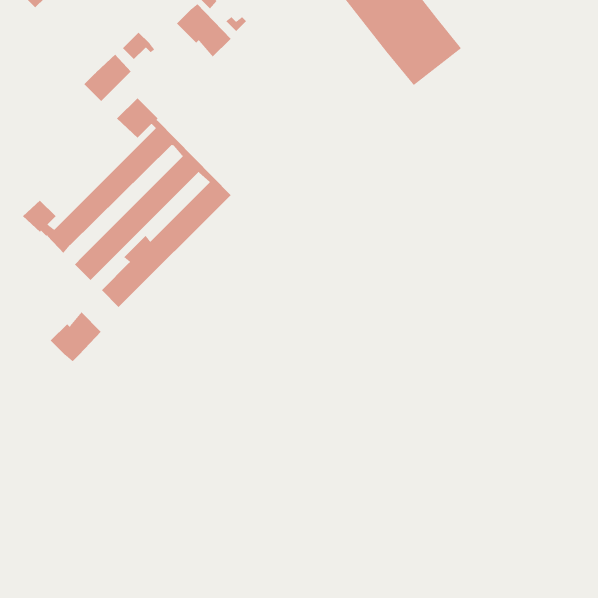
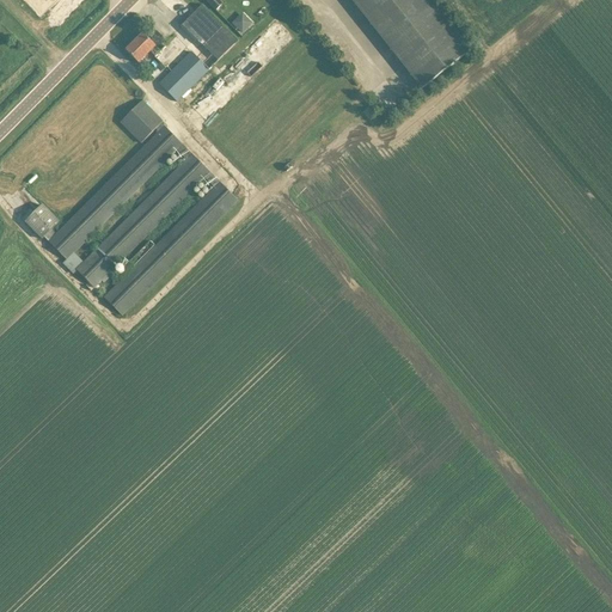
building: [83,54,132,102] -> [158,50,207,99]
building: [50,312,102,362] -> none

